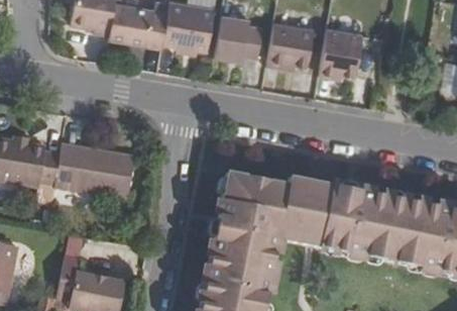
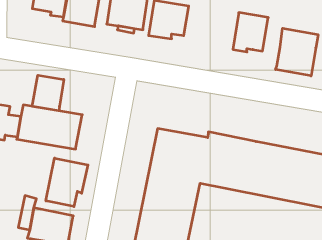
building: [266,22,314,69] -> none
building: none -> [276,28,318,76]
building: none -> [32,75,64,111]
building: none -> [46,158,88,207]

